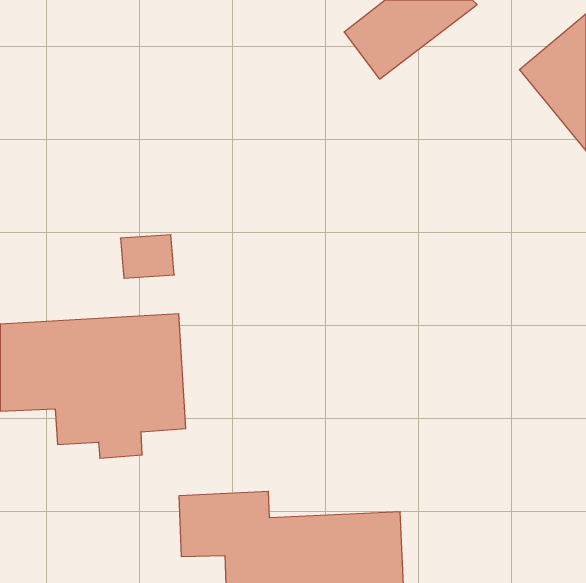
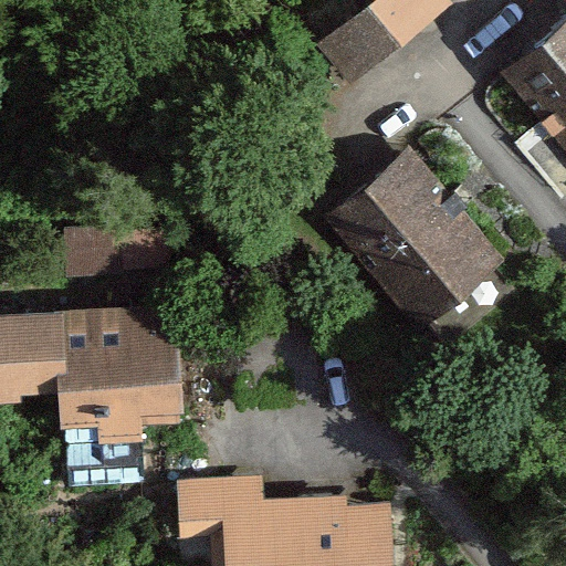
building: none -> [322,143,505,332]

